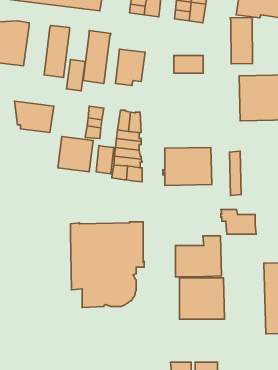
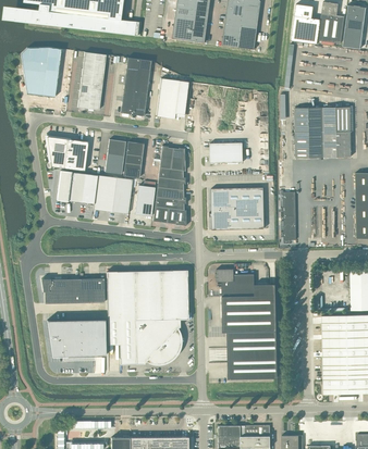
building: [230,18,253,64] -> none
building: [174,55,203,73] -> [210,144,243,163]
building: [67,59,85,91] -> [105,139,125,174]
building: none -> [57,171,97,203]
building: [221,209,256,234] -> [216,269,255,296]
building: none -> [41,278,105,303]
building: none -> [47,319,106,360]

